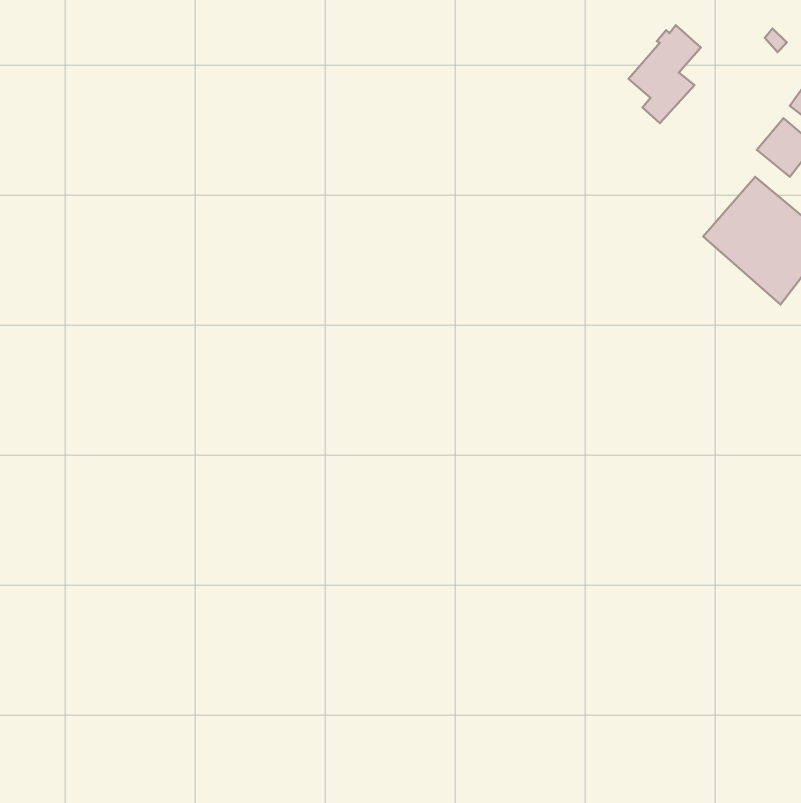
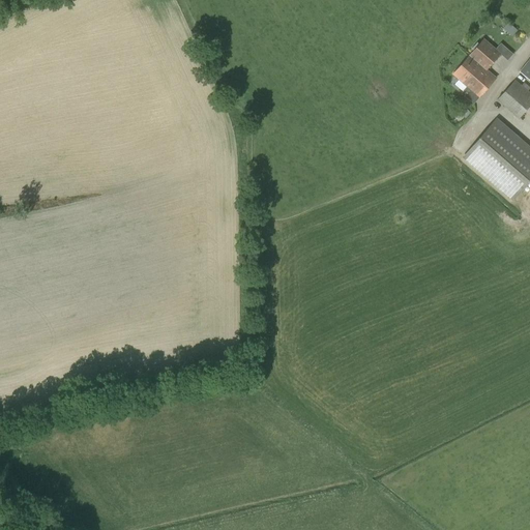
building: [628,25,701,123] -> [455,37,503,101]

